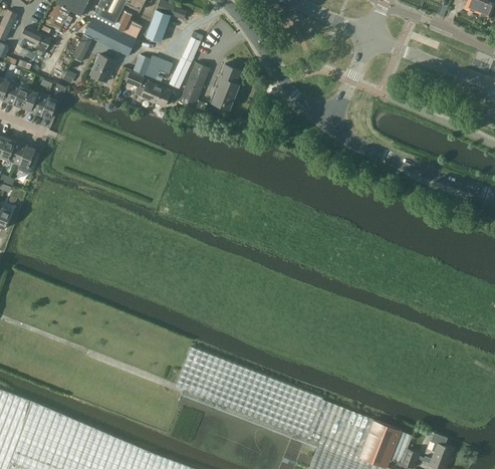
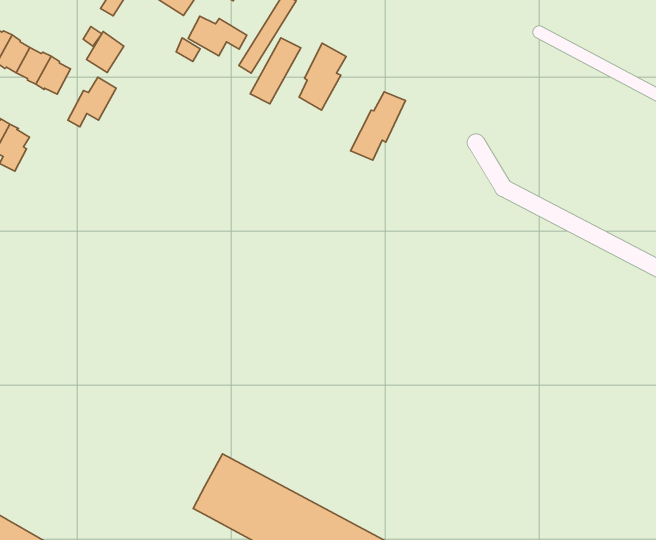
building: [89,54,113,81] -> [86,32,124,72]
building: [141,81,175,104] -> none
building: none -> [350,92,405,160]
building: none -> [68,77,116,127]

